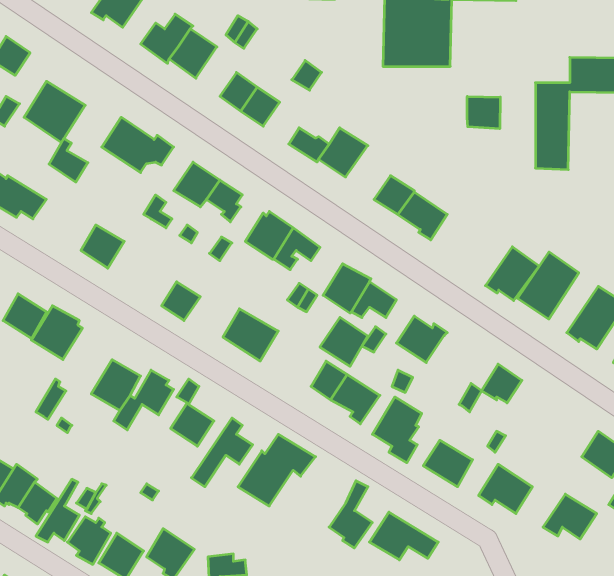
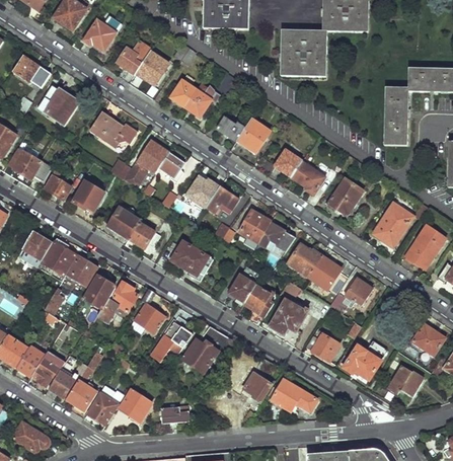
building: [467,96,500,129] -> none
building: [49,139,88,182] -> [46,169,72,199]
building: [485,247,539,301] -> [326,177,363,214]
building: none -> [108,207,143,238]
building: [320,317,368,366] -> none
building: none -> [68,255,97,285]
building: none -> [309,258,343,290]

